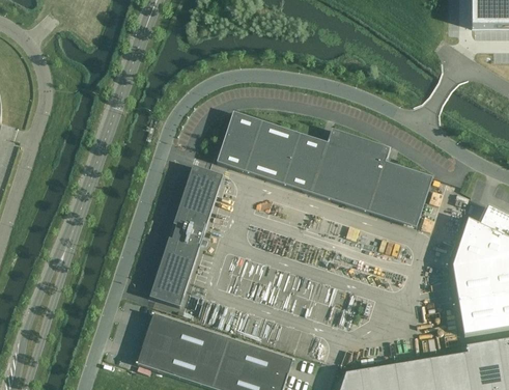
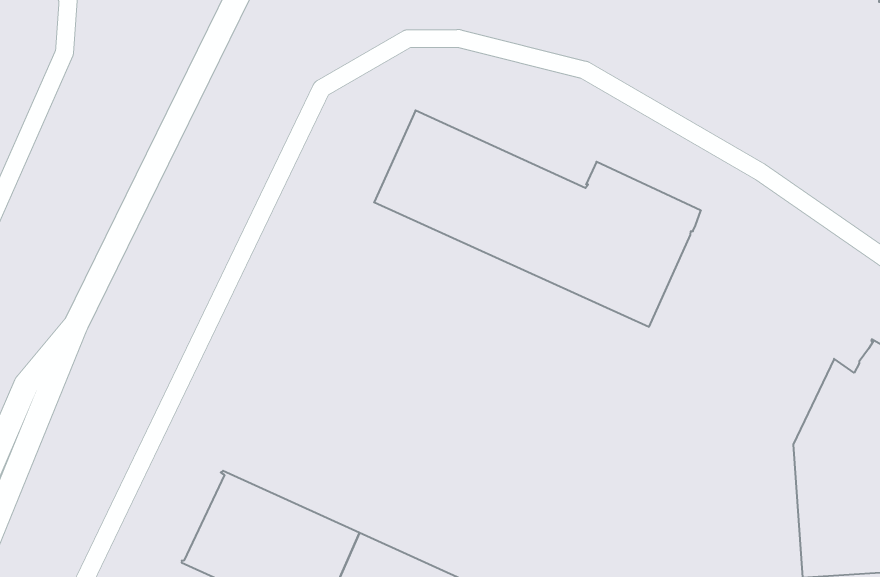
building: [369,159,433,227] -> none
building: [149,165,223,306] -> none

